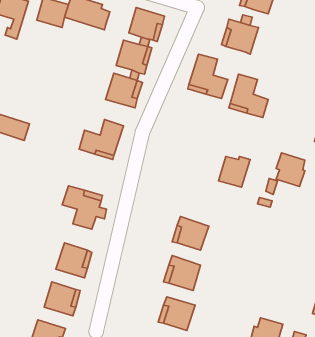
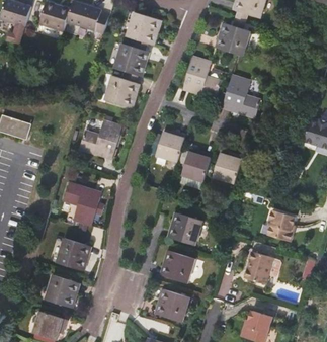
building: none -> [155,133,185,163]
building: [276,153,305,187] -> [268,208,296,241]
building: none -> [181,153,211,182]
building: none -> [245,250,281,283]

